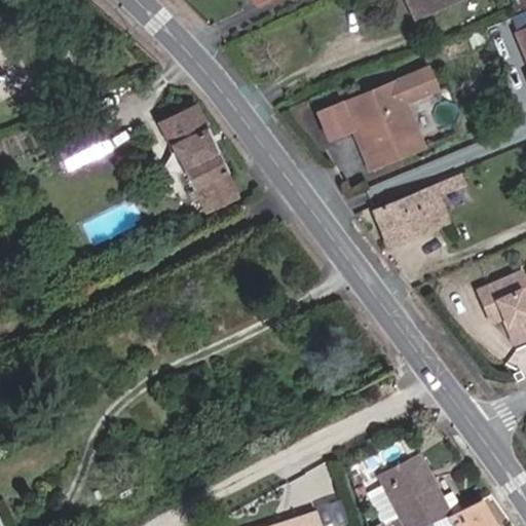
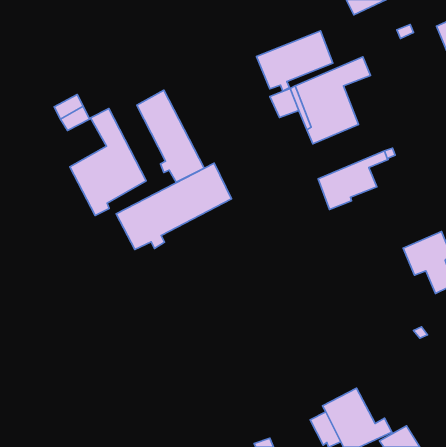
building: none -> [257,31,333,91]
building: none -> [70,109,146,216]
building: none -> [116,163,232,249]

